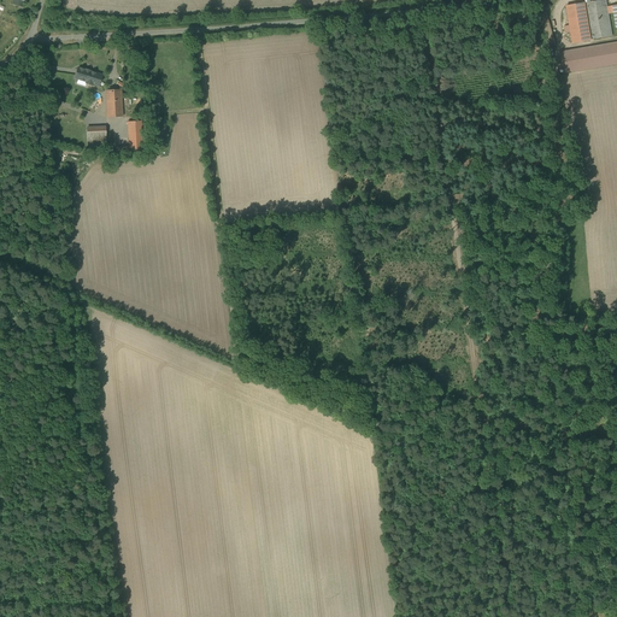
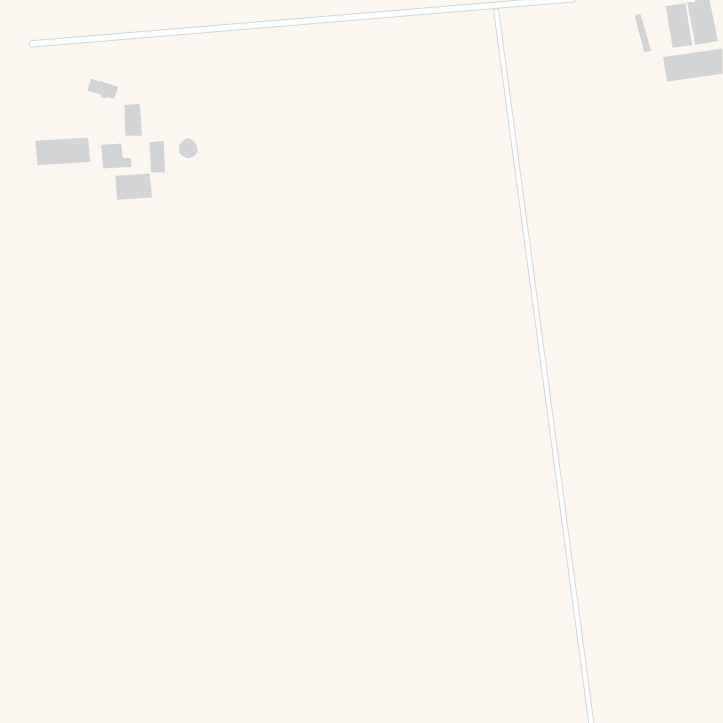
building: none -> [35,137,91,166]
building: none -> [115,173,152,200]

